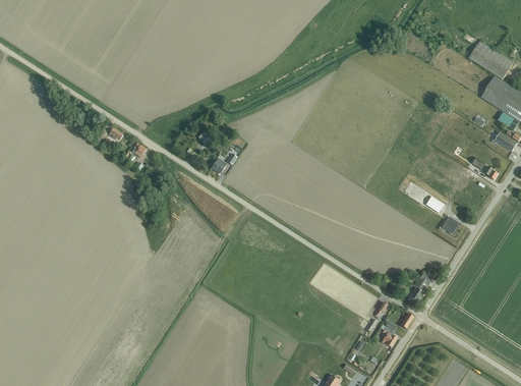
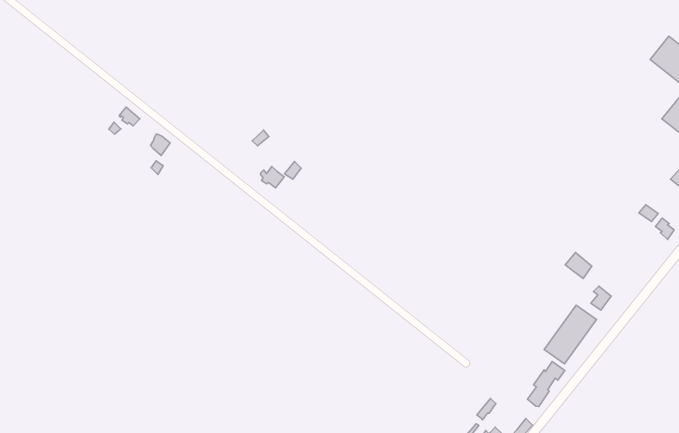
building: none -> [544,305,596,364]

